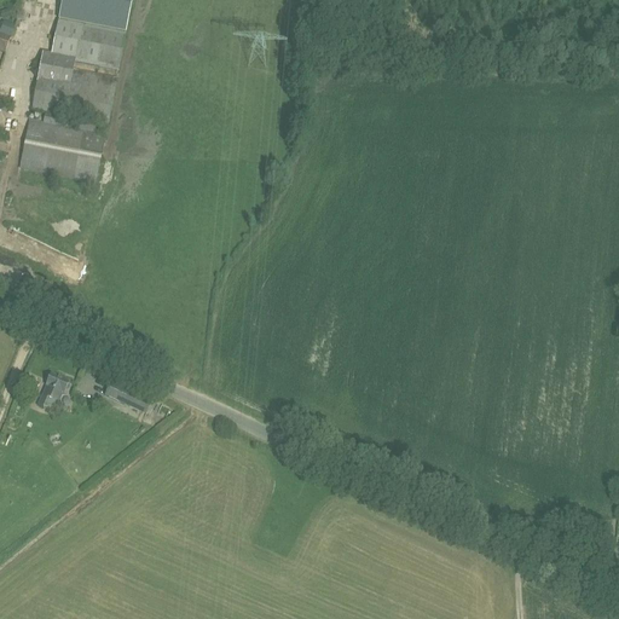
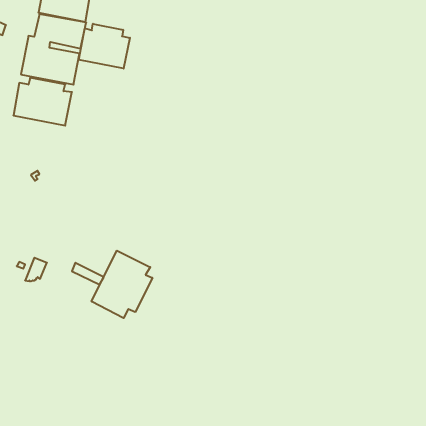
building: none -> [79,24,130,69]
building: none -> [92,251,152,318]

